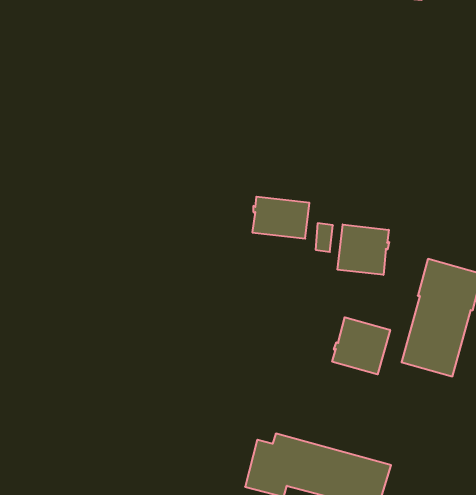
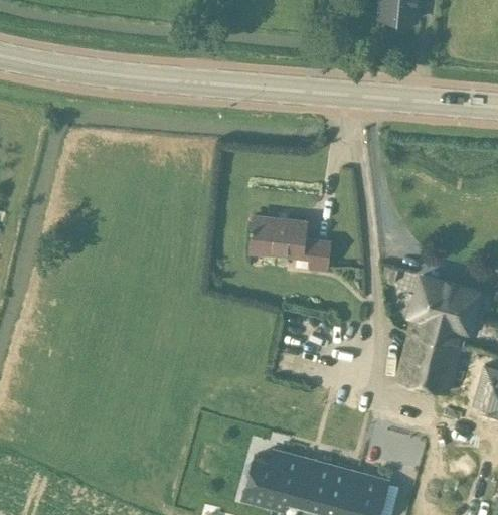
building: [338,224,389,275] -> none
building: [332,317,390,374] -> none

